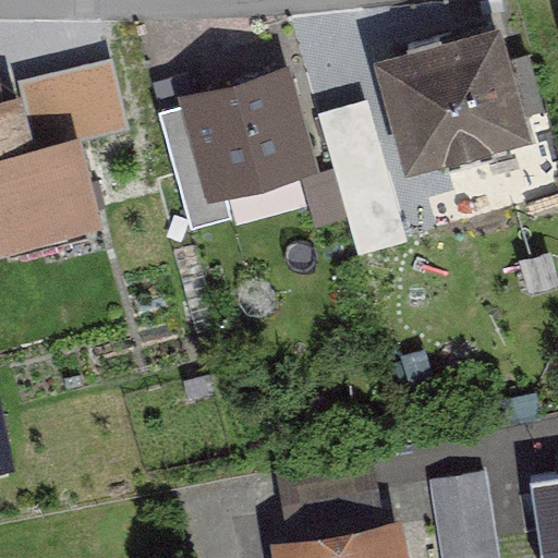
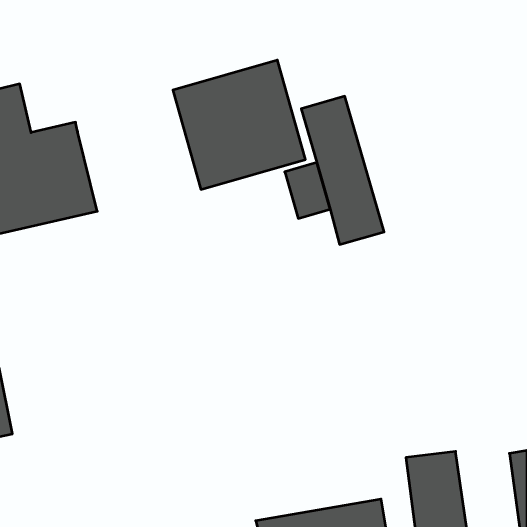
building: [372,31,529,180] -> none
building: [17,57,128,142] -> none

